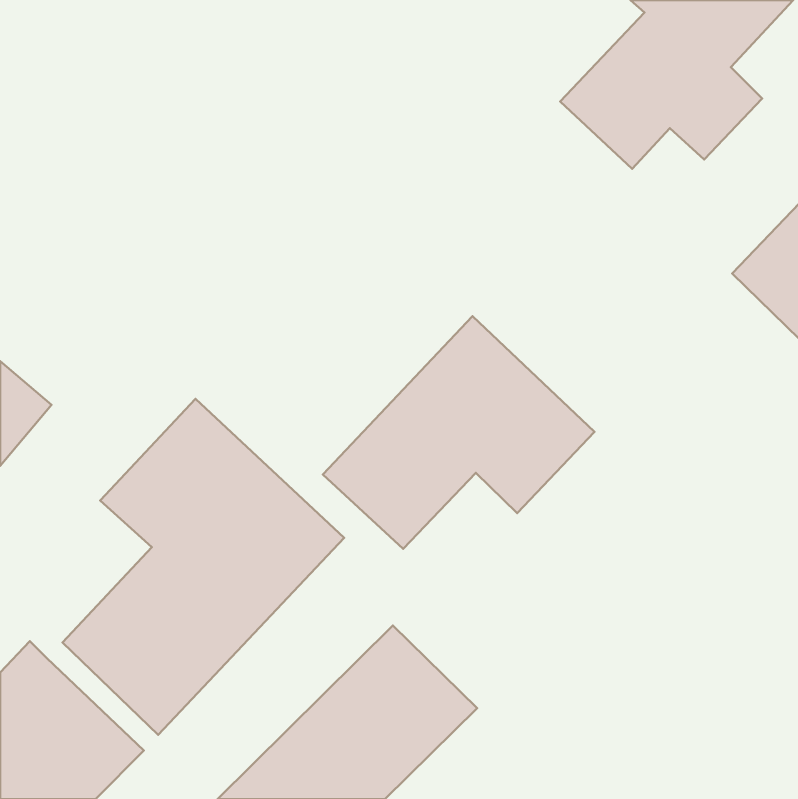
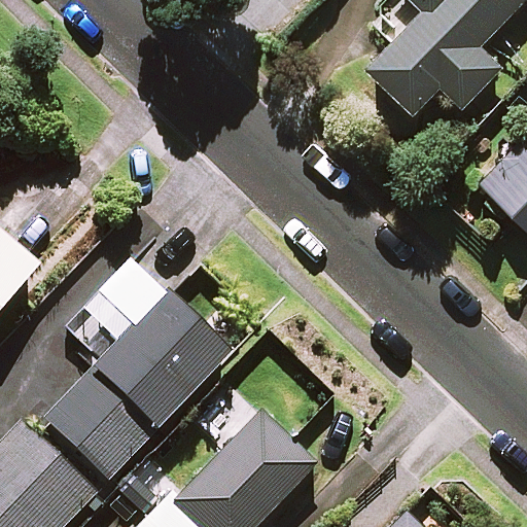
building: [323,316,594,549] -> none

